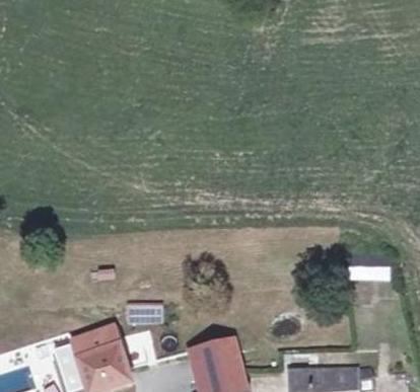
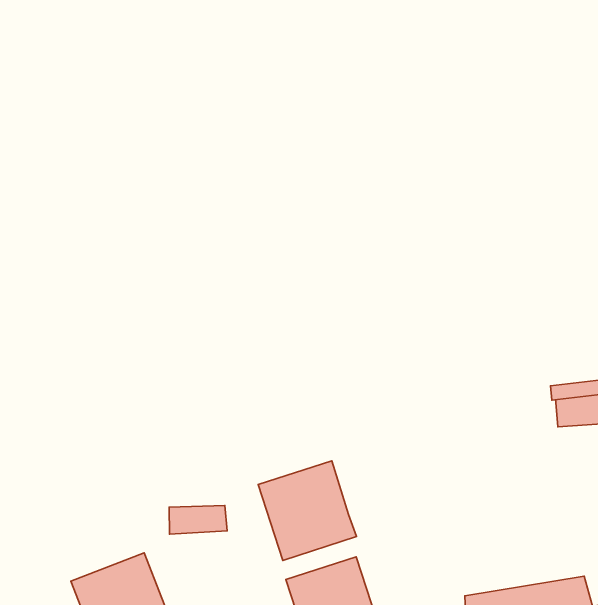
building: none -> [258,461,357,560]

